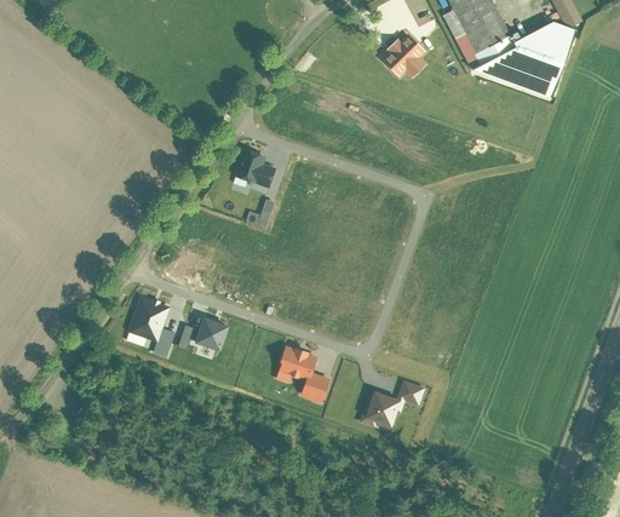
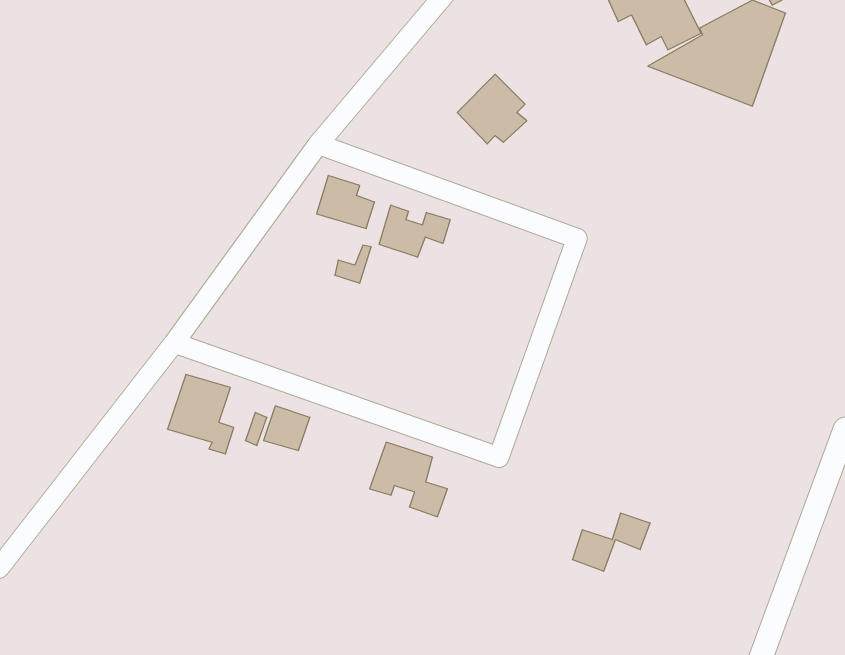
building: [377,30,427,81] -> [457,74,527,144]
building: none -> [379,205,450,257]
building: [367,381,424,424] -> [572,513,650,571]

